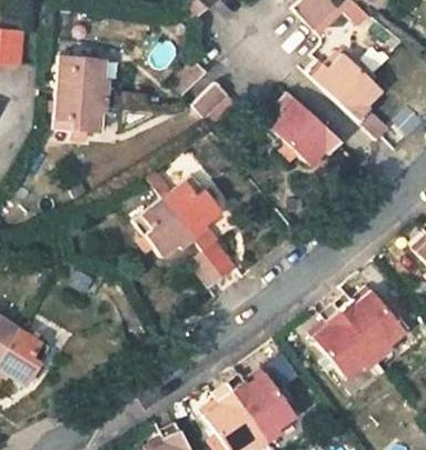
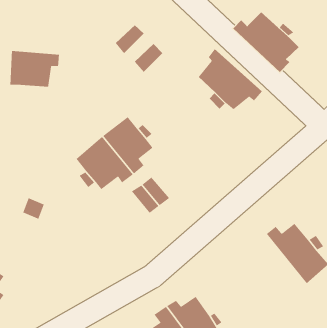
building: [56,57,111,100] -> none
building: [320,302,388,381] -> none

